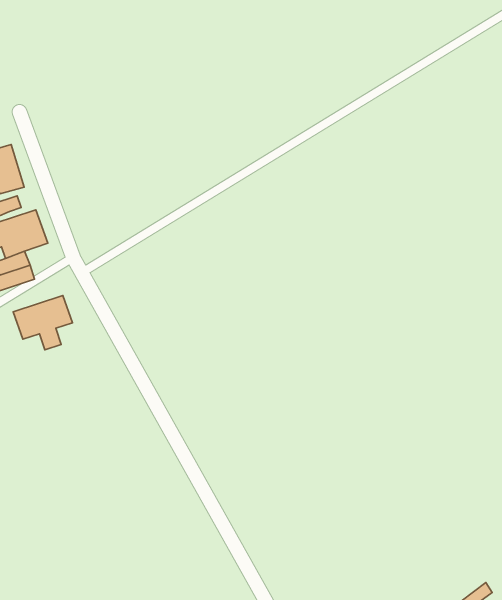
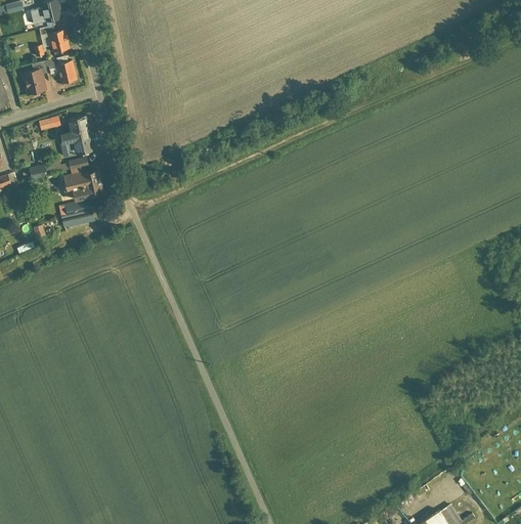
building: [13,295,72,350] -> none

